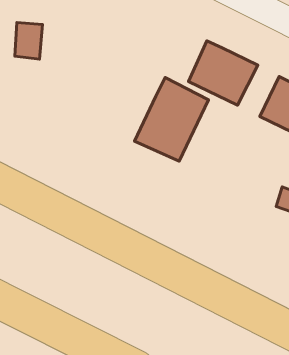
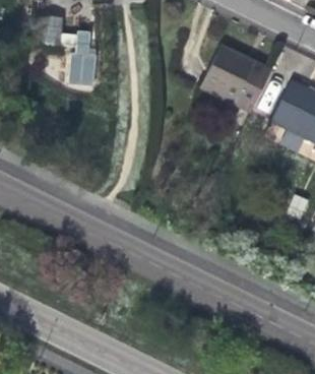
building: none -> [69,32,97,85]
building: [135,77,209,161] -> none

